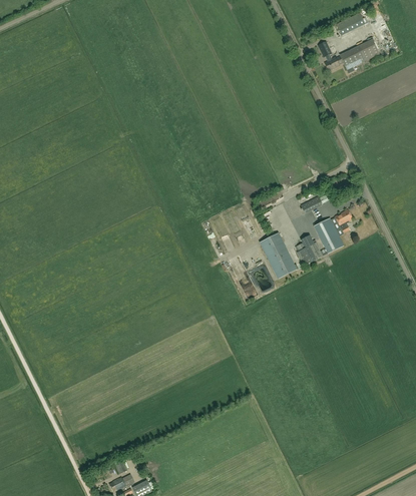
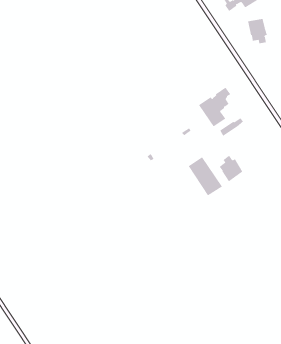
building: none -> [247,18,267,44]
building: [313,208,352,253] -> [198,87,231,127]

